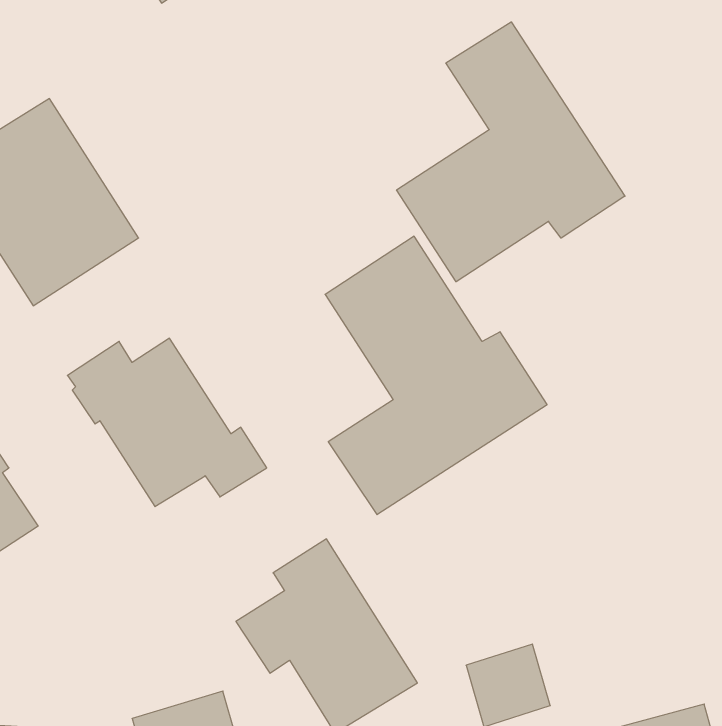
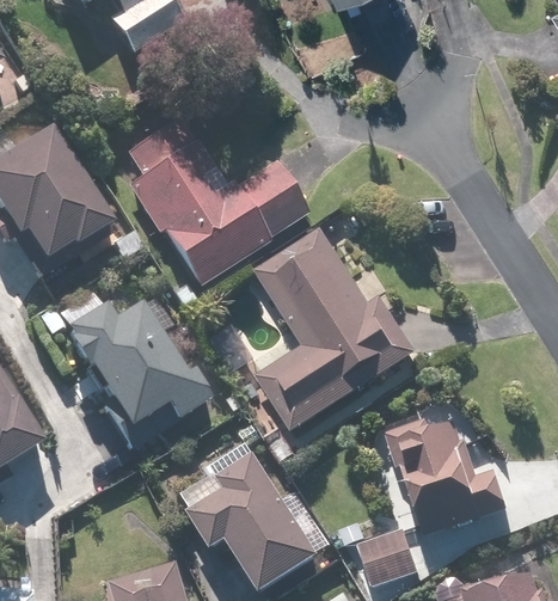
building: [397,22,625,282] -> none
building: none -> [125,118,308,286]
building: none -> [385,417,508,535]

